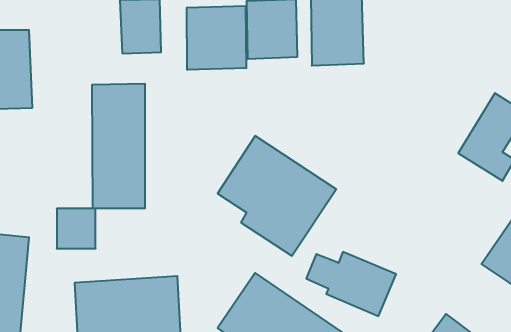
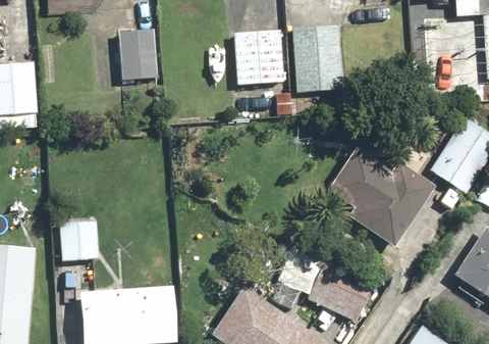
building: [187,6,246,70] -> none
building: [92,84,145,208] -> none
building: [218,136,336,256] -> [326,138,435,248]

